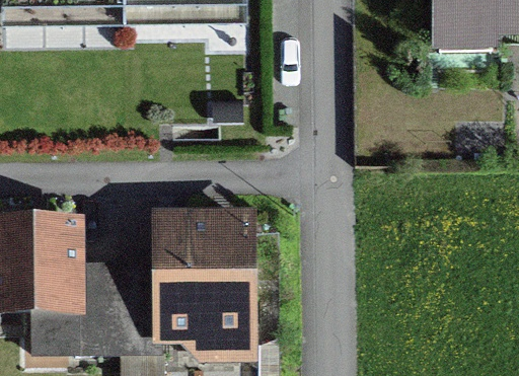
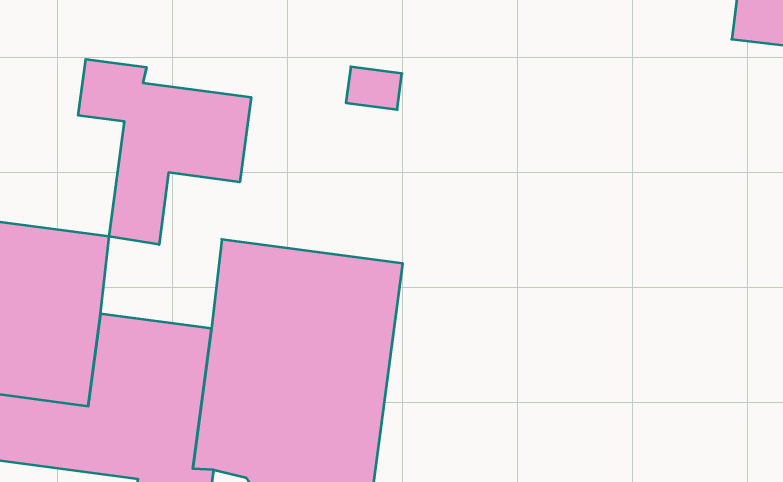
building: none -> [78,59,251,245]

